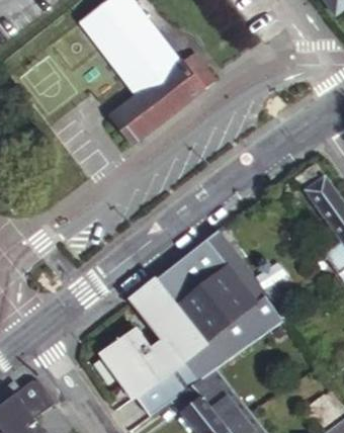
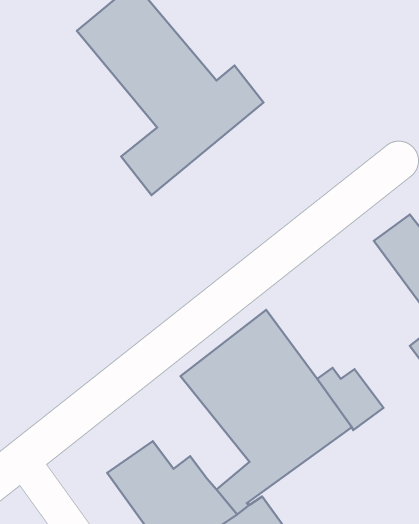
building: [131,279,204,362] -> none

